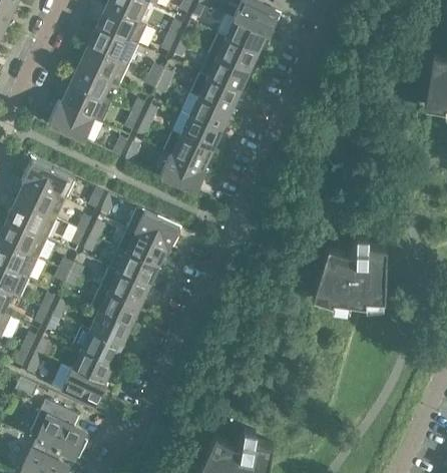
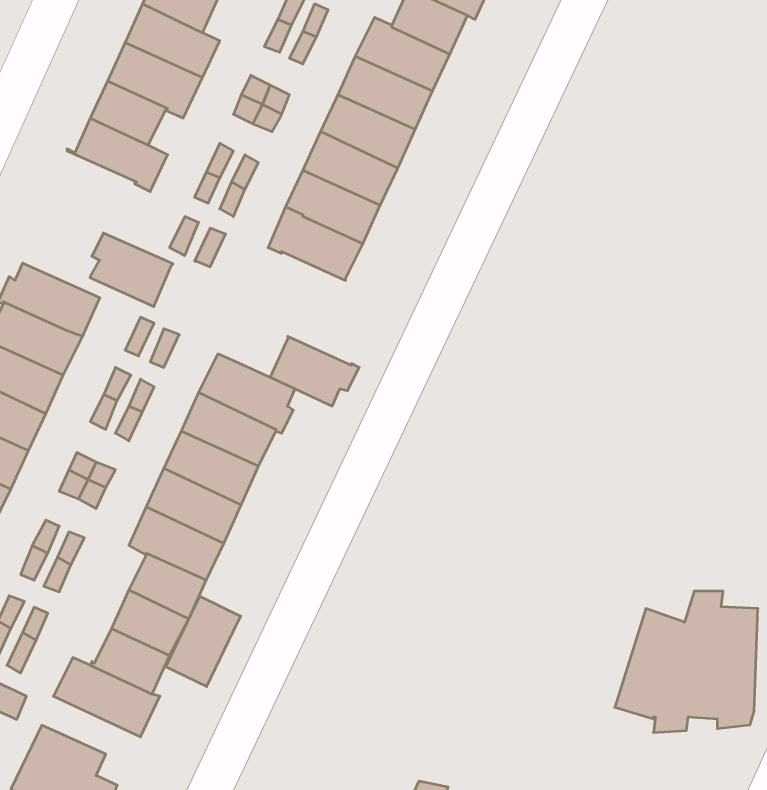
building: [51,102,94,140] -> [90,233,173,307]
building: [160,154,206,190] -> [270,336,359,406]
building: [312,237,386,310] -> [615,591,758,732]
building: none -> [166,596,241,687]

